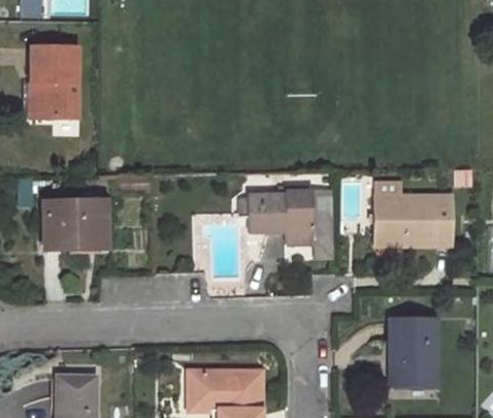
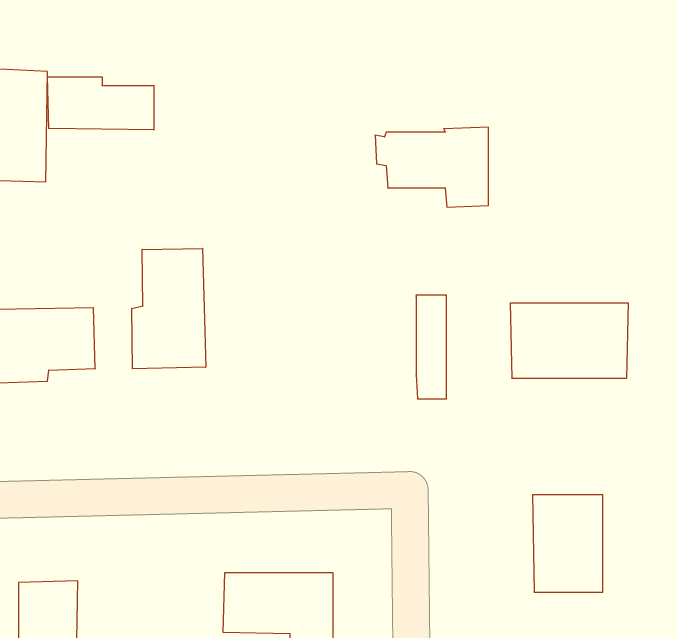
building: none -> [47,77,154,130]
building: none -> [132,248,206,369]
building: [241,193,315,245] -> [375,127,488,207]

